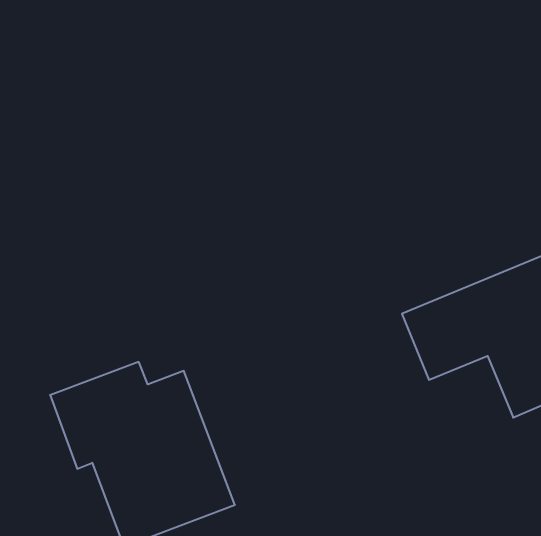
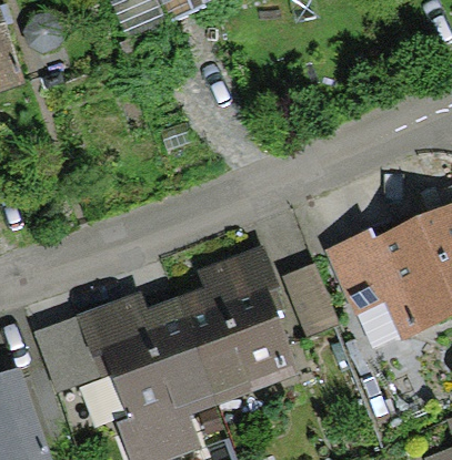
building: none -> [177,249,290,397]

